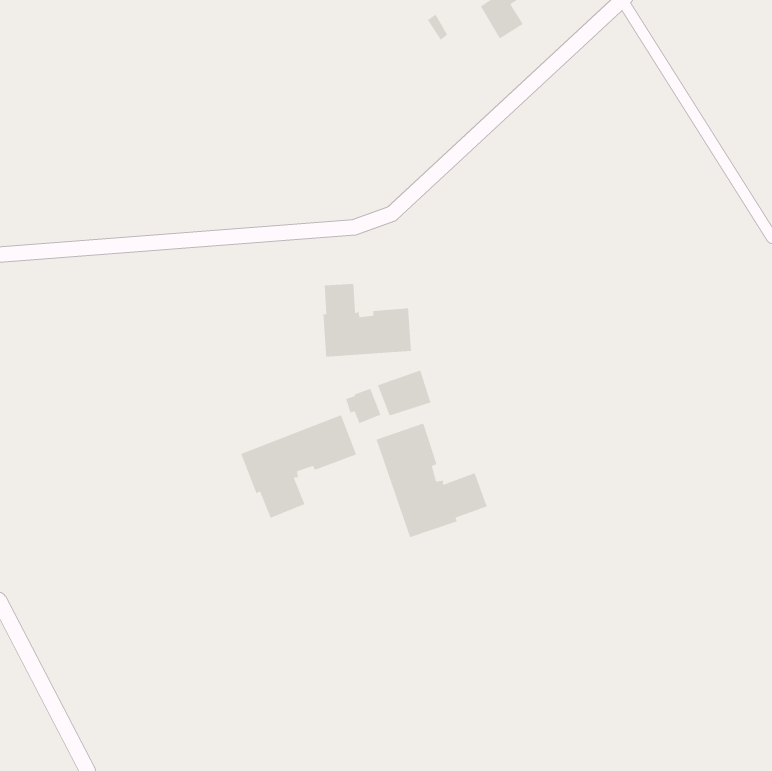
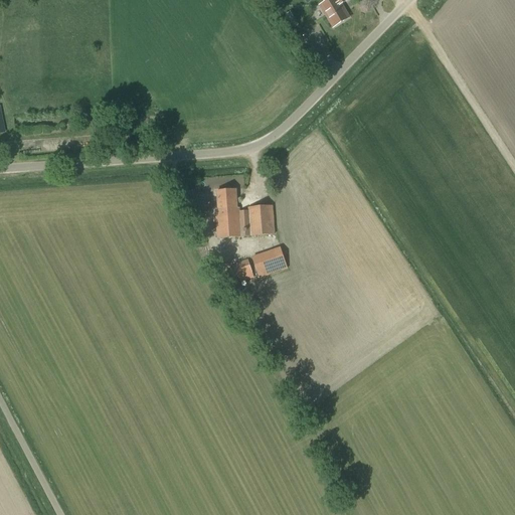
building: [240,414,357,519] -> none
building: [376,422,488,538] -> none

